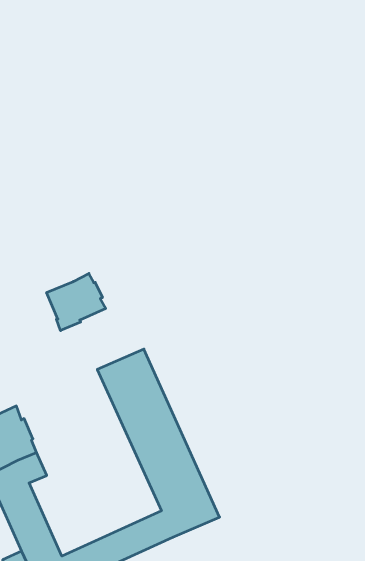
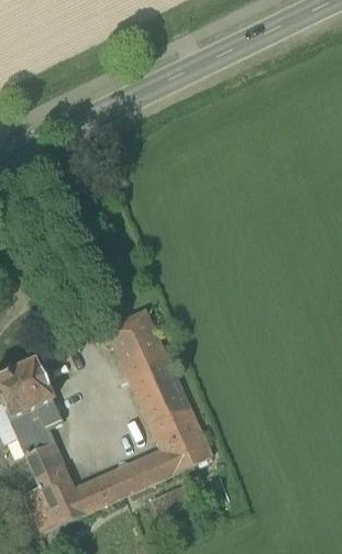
building: [47,273,106,331] -> none

